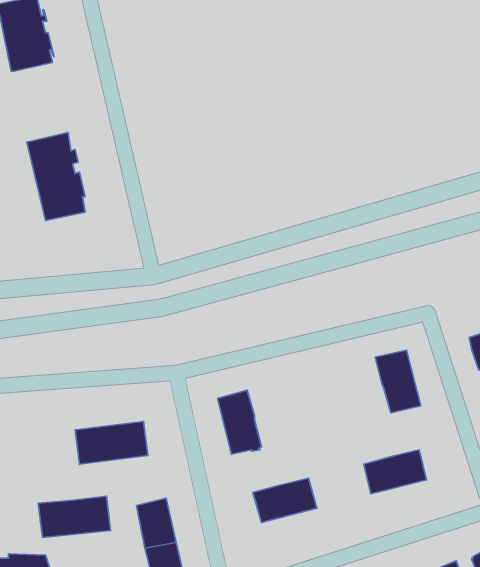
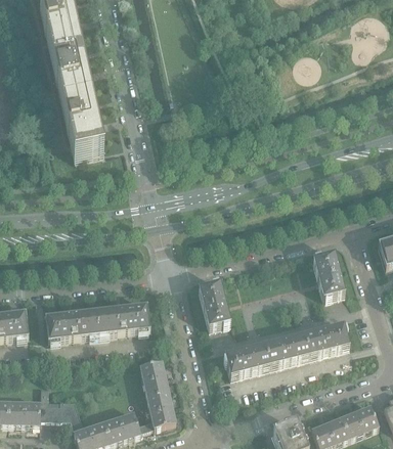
building: none -> [49,45,91,102]
building: none -> [263,333,308,365]
building: [38,496,111,537] -> [46,309,98,339]

